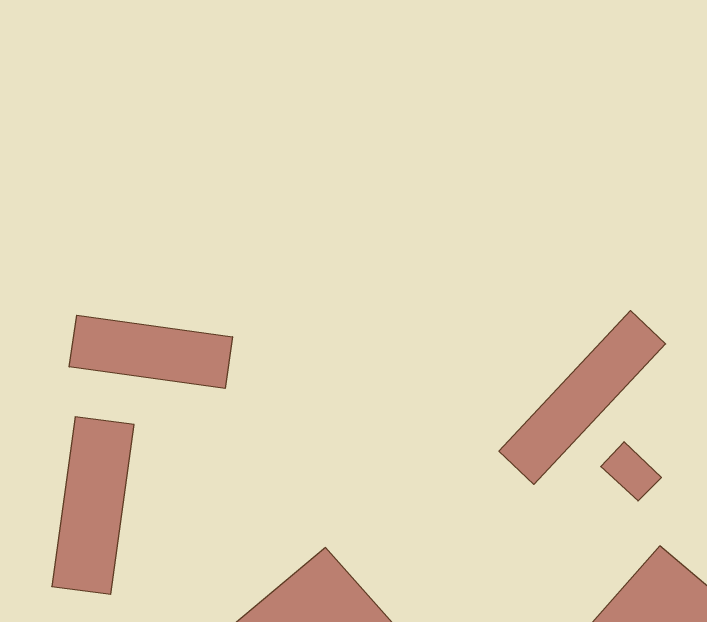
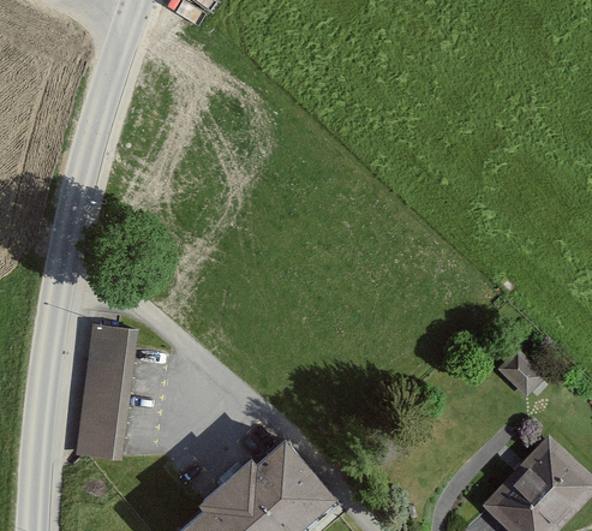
building: [499,311,666,484] -> none
building: [69,315,232,388] -> none

